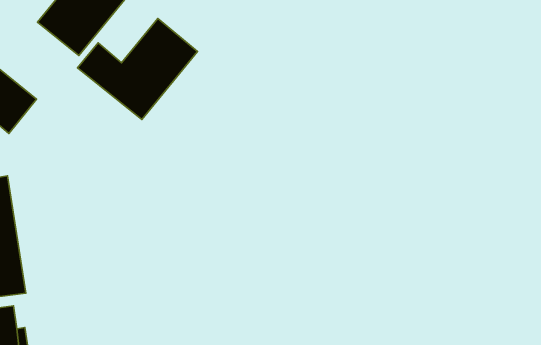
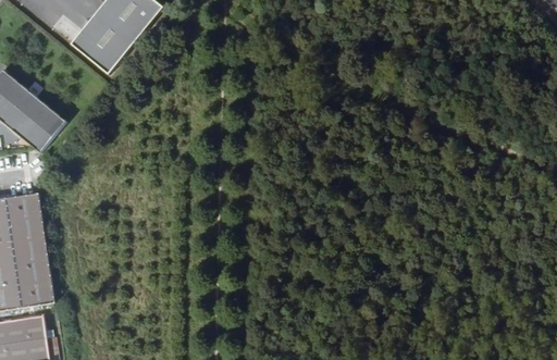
building: [78,19,197,120] -> none

